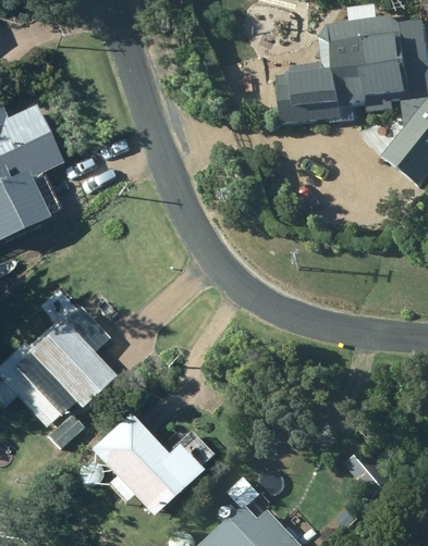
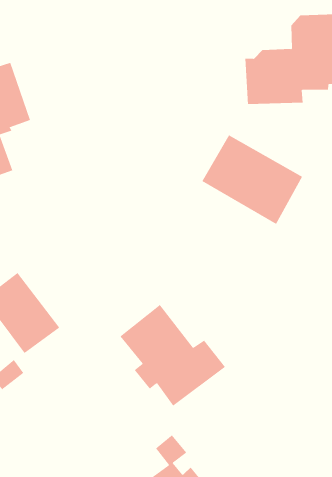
building: none -> [202,135,303,225]
building: [89,411,204,517] -> [119,304,226,406]

